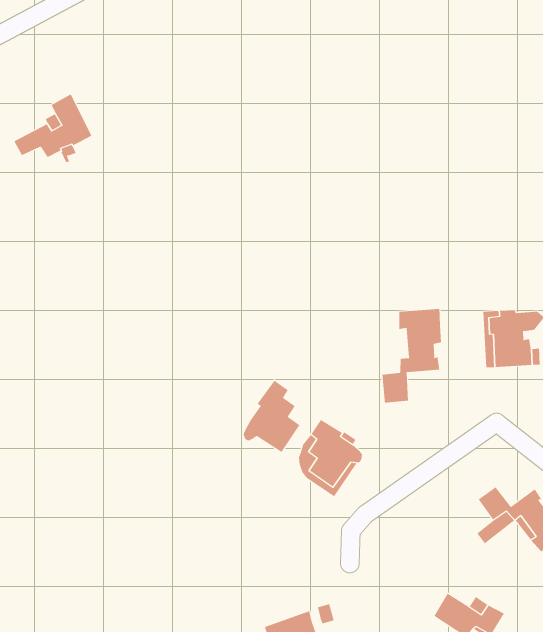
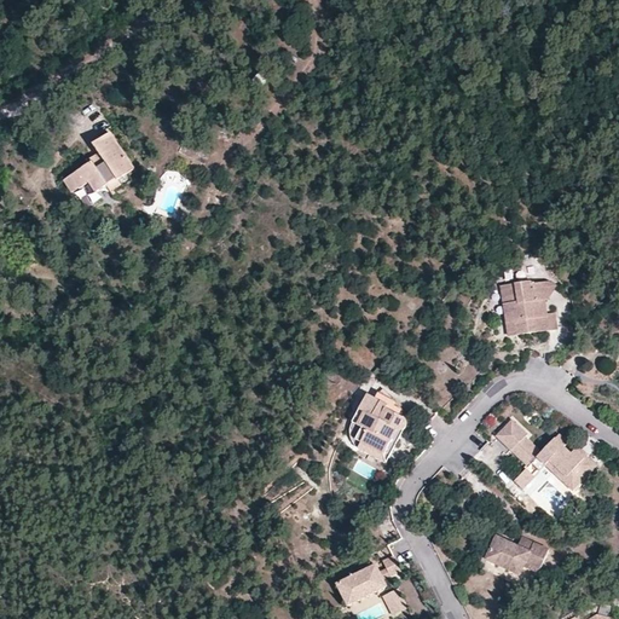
building: [382,308,441,404] -> none
building: [243,380,300,453] -> none
building: none -> [494,417,527,449]

